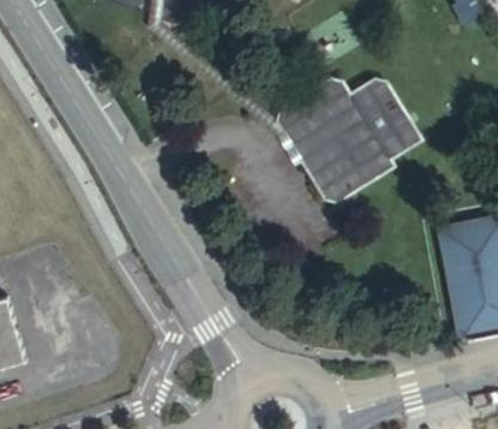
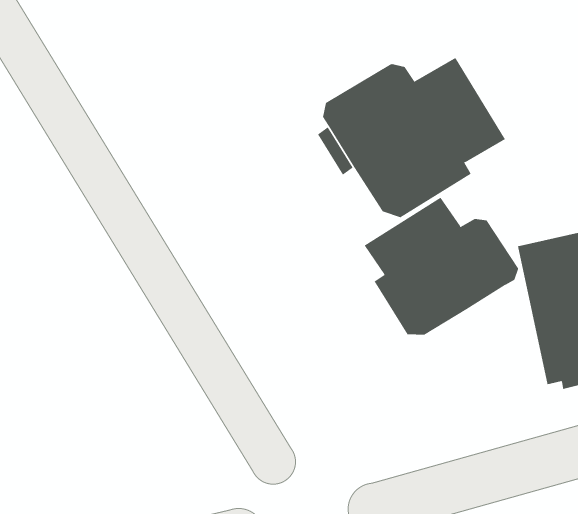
building: none -> [364,197,519,335]

